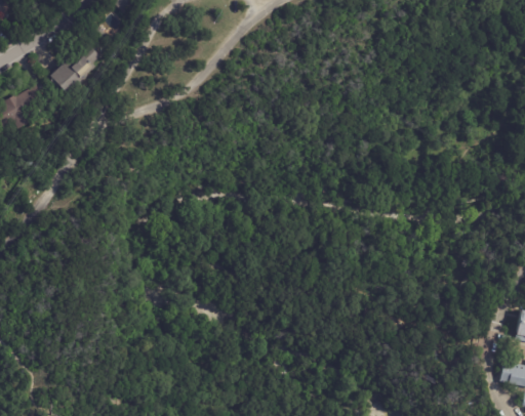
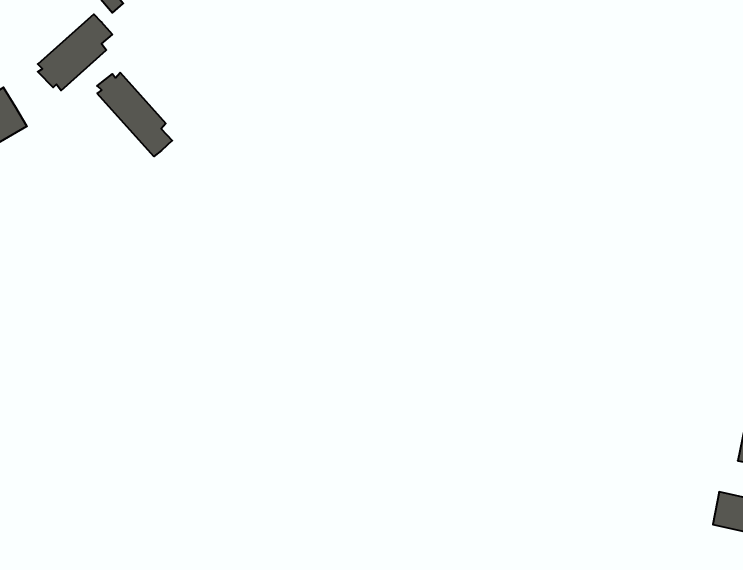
building: none -> [97,73,172,156]

